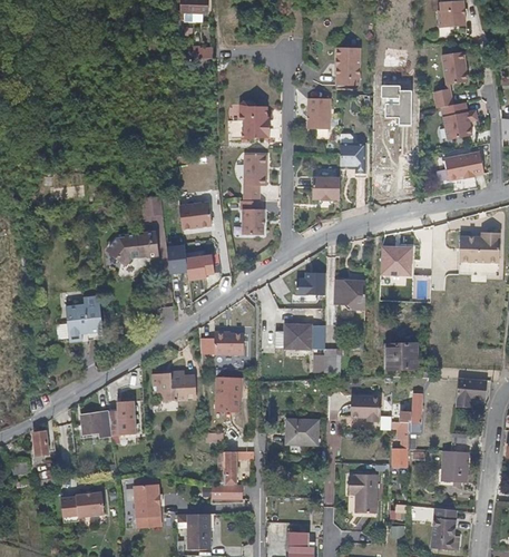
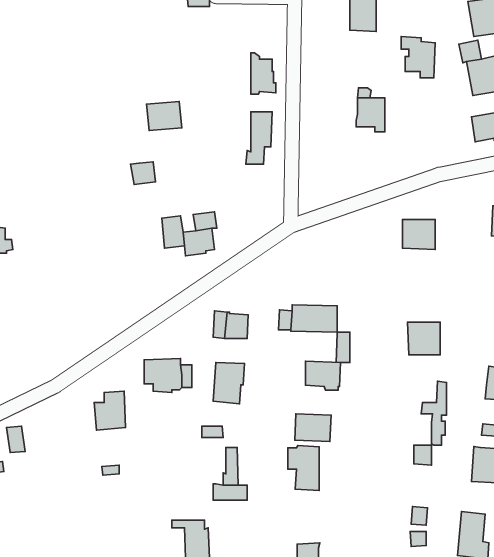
building: [311,91,335,124] -> none
building: [313,174,341,197] -> none
building: [241,199,264,233] -> none
building: [180,203,212,228] -> [147,102,182,130]
building: [112,233,159,264] -> none
building: [297,272,326,296] -> none
building: [333,276,368,306] -> none
building: [66,295,104,342] -> none
building: [350,398,381,423] -> [306,361,341,390]
building: [79,411,110,437] -> none
building: [349,473,376,514] -> [288,445,319,491]
building: [133,485,161,529] -> none
building: [69,495,104,519] -> none

